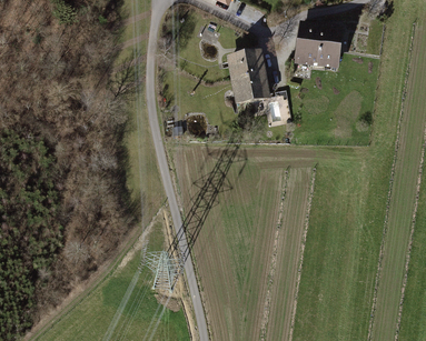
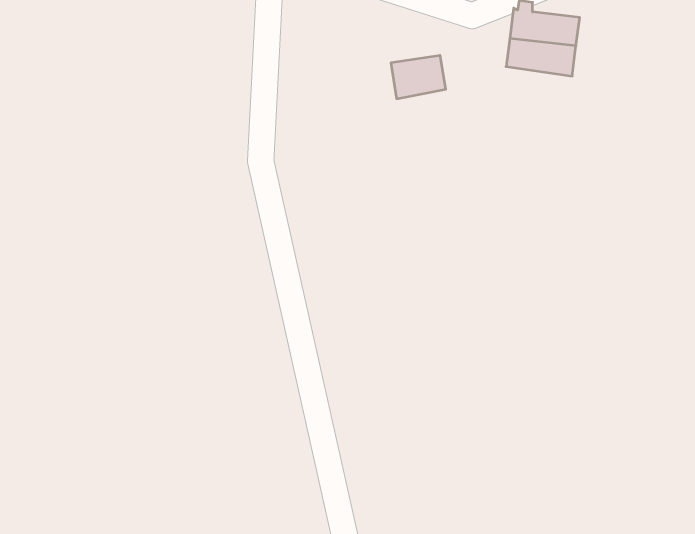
building: [235,74,268,104] -> none

